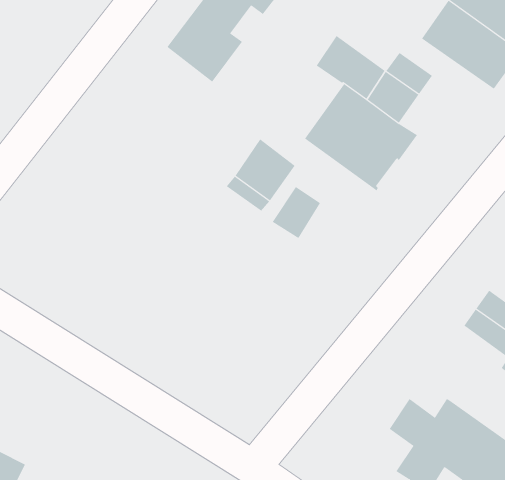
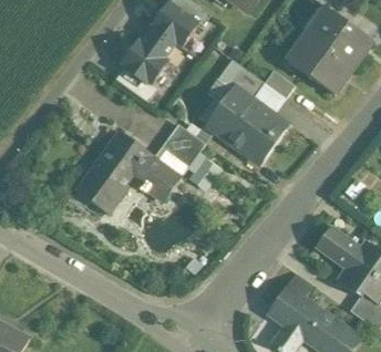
building: none -> [76,132,181,213]
building: none -> [279,271,313,307]

